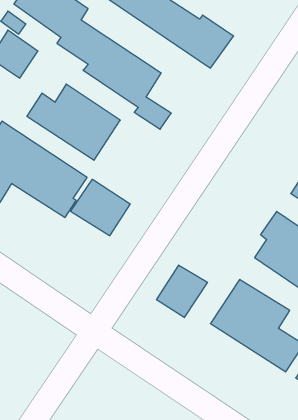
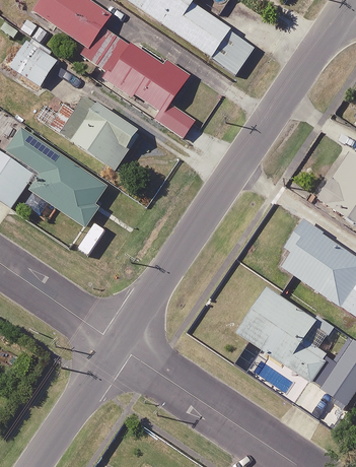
building: [71,179,130,236] -> none
building: [157,265,207,318] -> none

